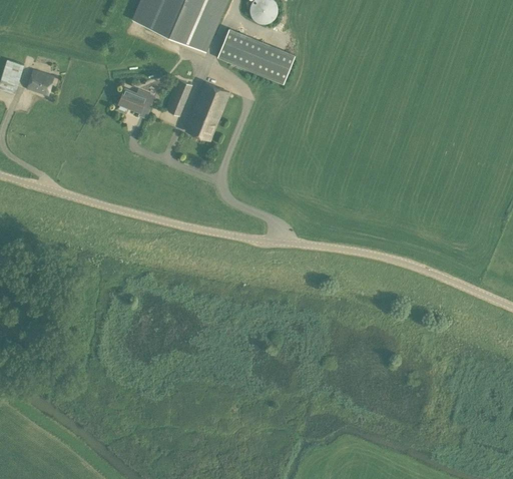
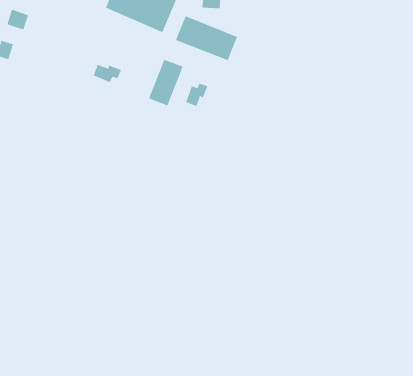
building: [26,69,53,95] -> [7,9,29,30]
building: [164,79,190,114] -> none
building: none -> [186,83,208,107]

